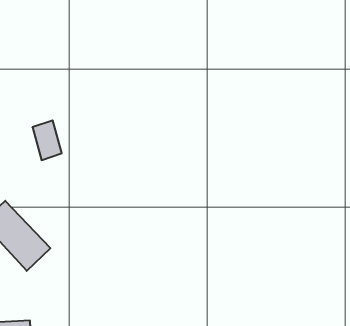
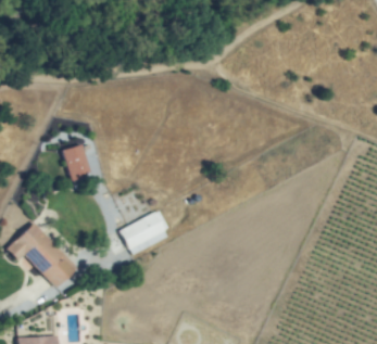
building: none -> [121,212,167,253]

